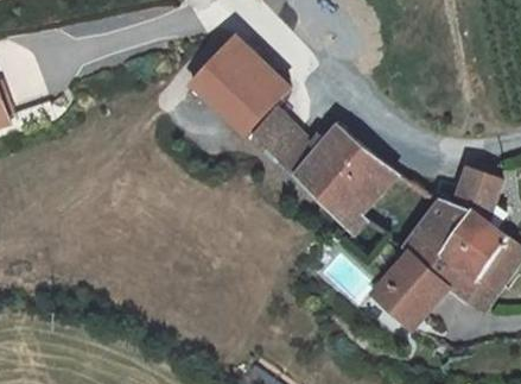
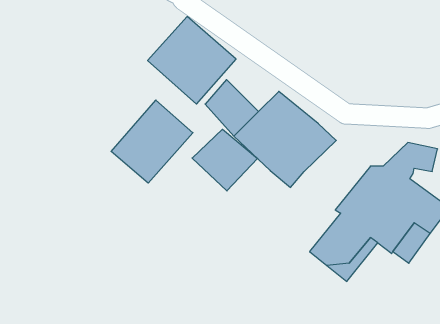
building: none -> [111,100,193,183]
building: none -> [192,129,258,191]

